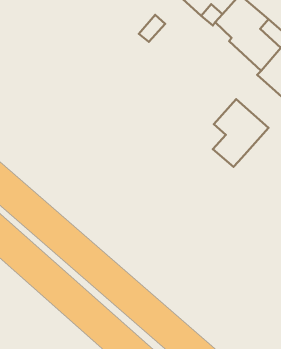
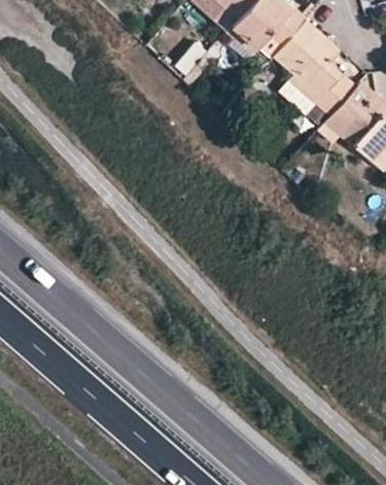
building: [213,99,269,167] -> none

